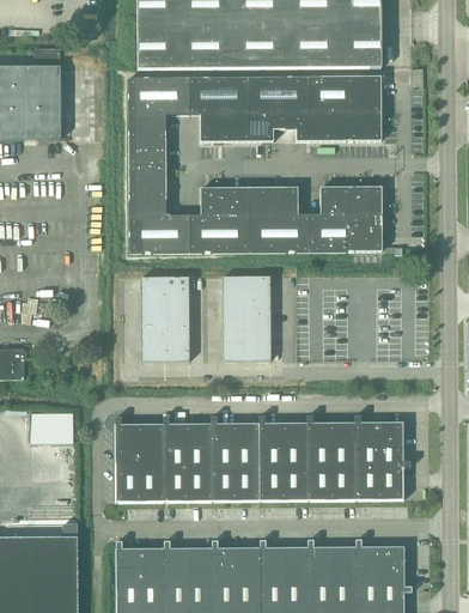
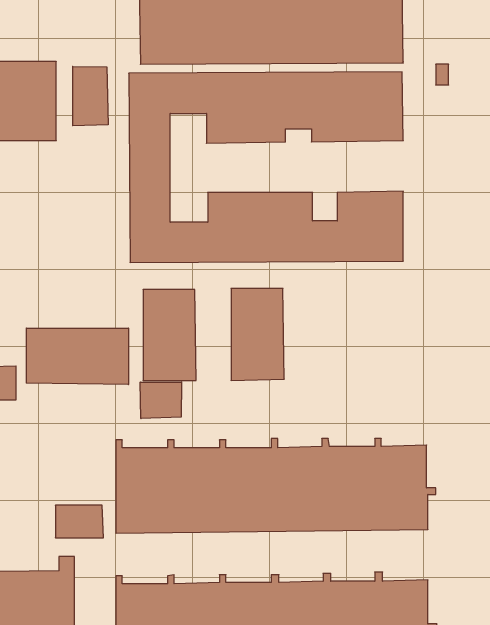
building: none -> [73,66,108,126]
building: none -> [26,328,128,385]
building: none -> [140,382,182,419]
building: [29,414,73,444] -> [55,505,103,538]

